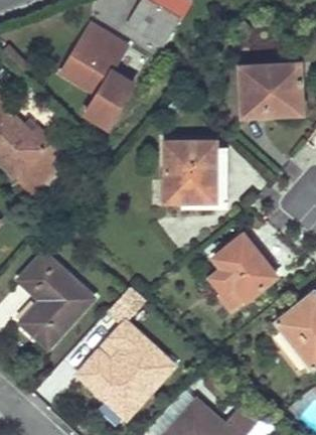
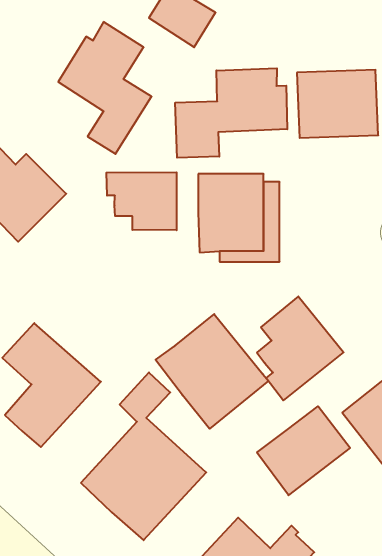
building: none -> [175,68,287,158]
building: none -> [106,172,177,230]
building: none -> [156,314,268,429]
building: none -> [257,406,350,495]

